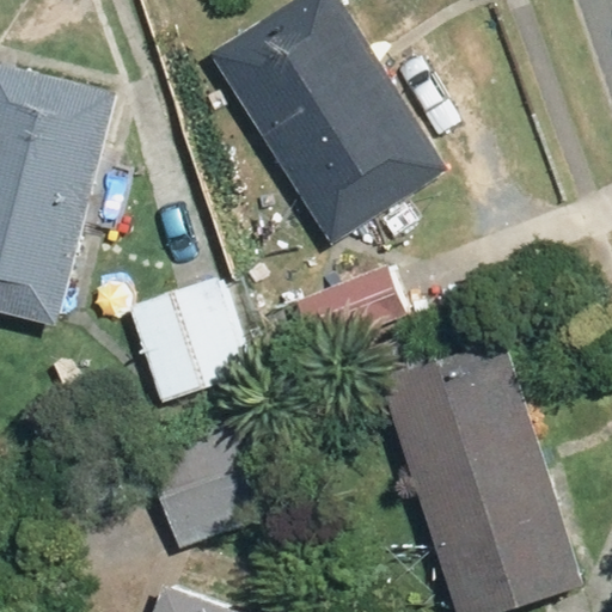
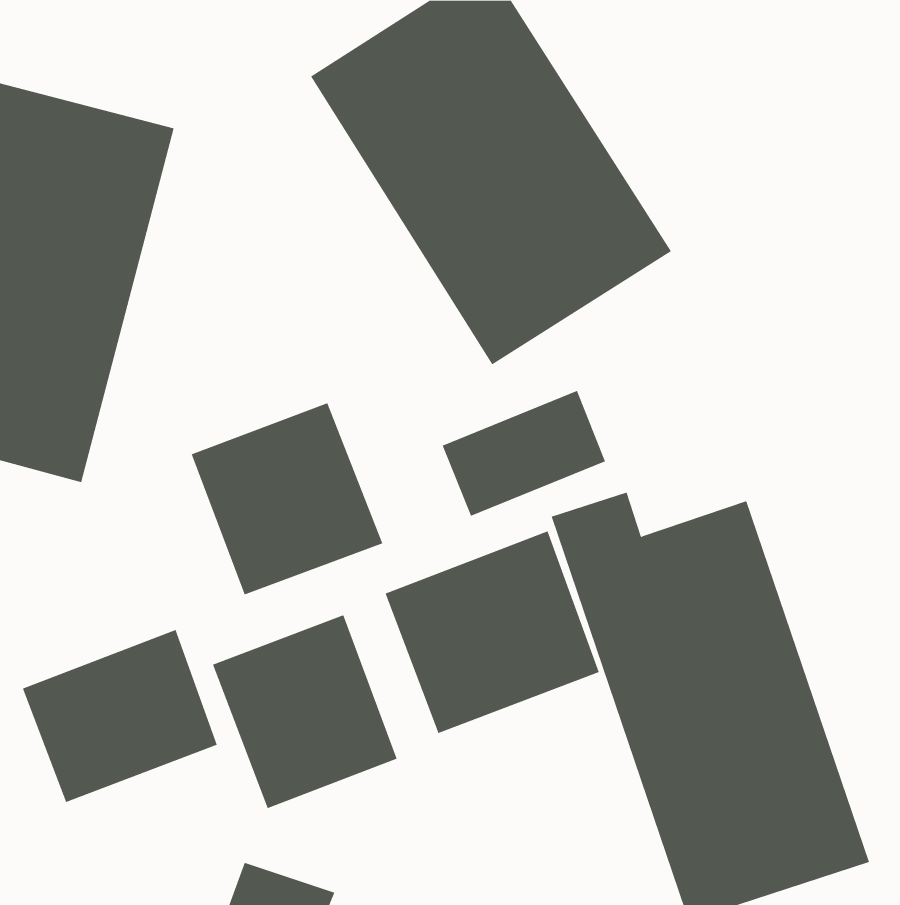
building: none -> [385,530,599,734]
building: none -> [22,629,218,803]

